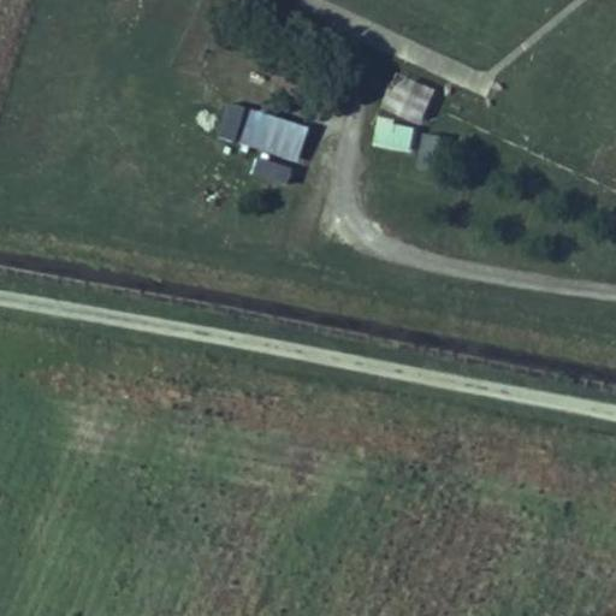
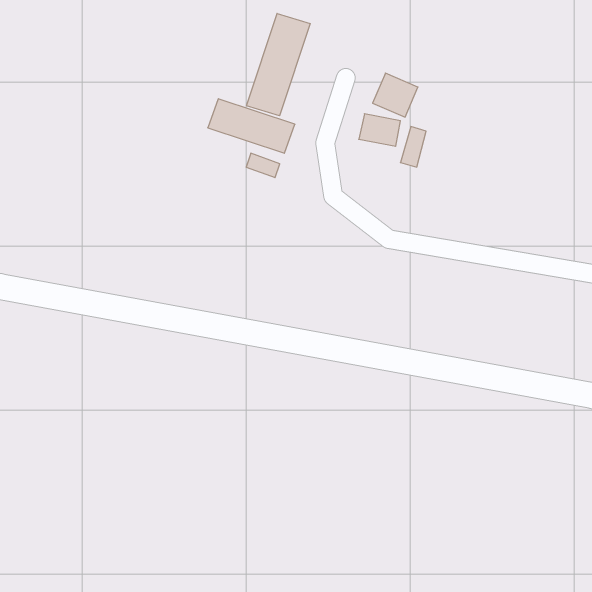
building: none -> [246,13,310,116]

